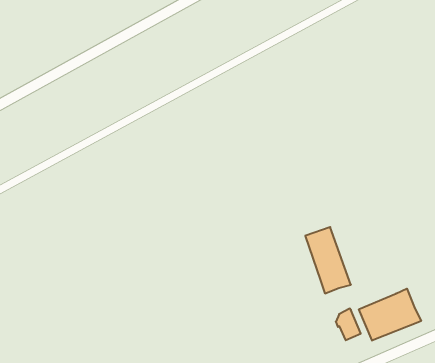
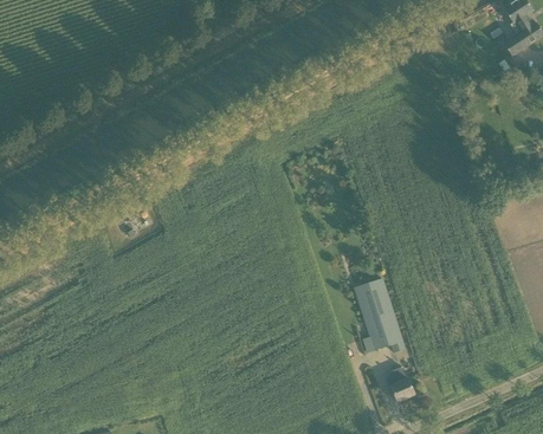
building: [359,289,421,341] -> none

